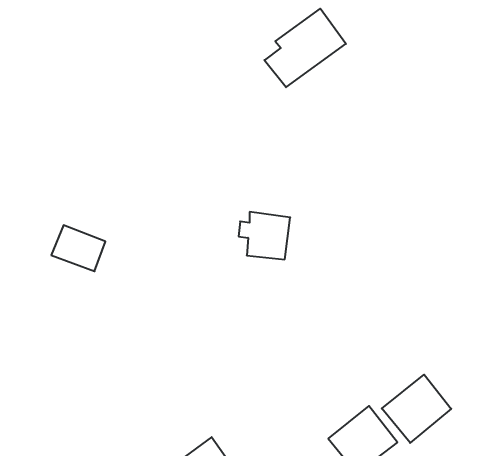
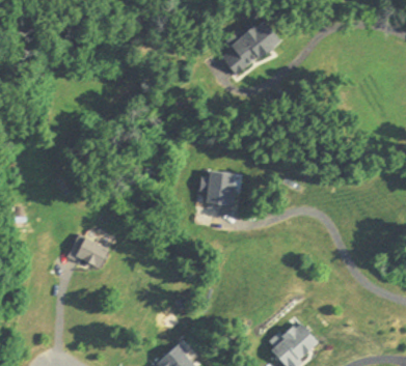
building: [51,225,105,271] -> [67,233,109,269]
building: [382,375,451,443] -> none

